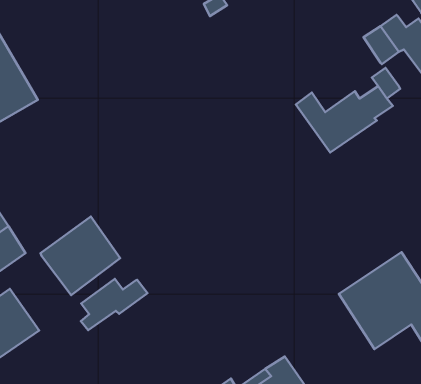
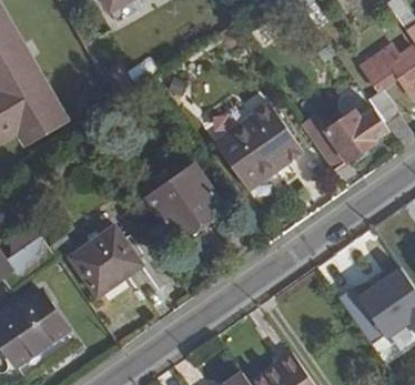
building: none -> [215,105,302,191]
building: none -> [148,165,222,237]
building: [81,279,148,330] -> none

